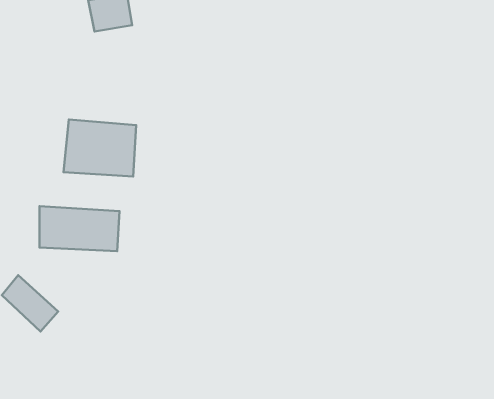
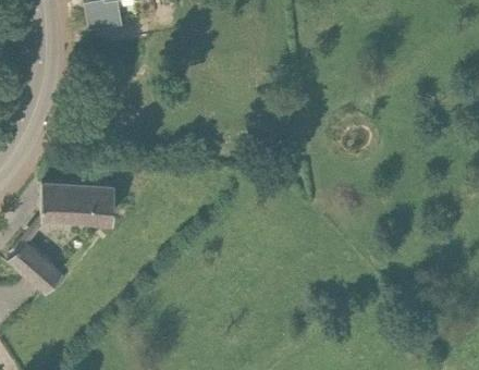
building: [63,120,136,177] -> none

